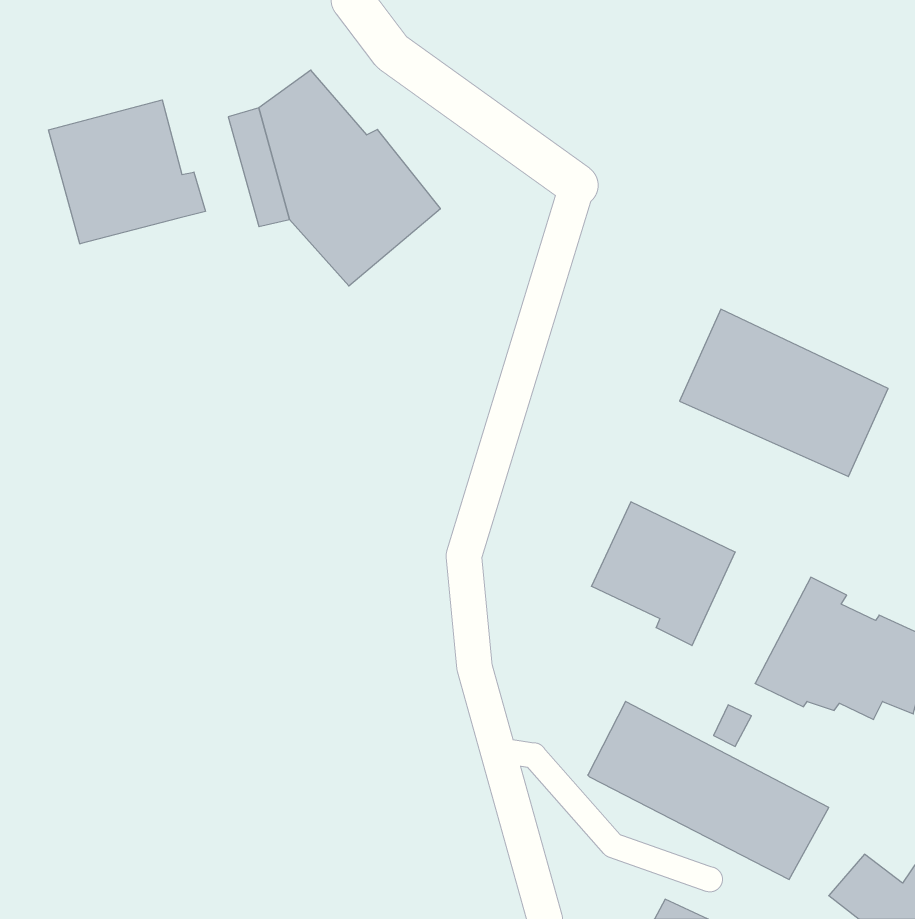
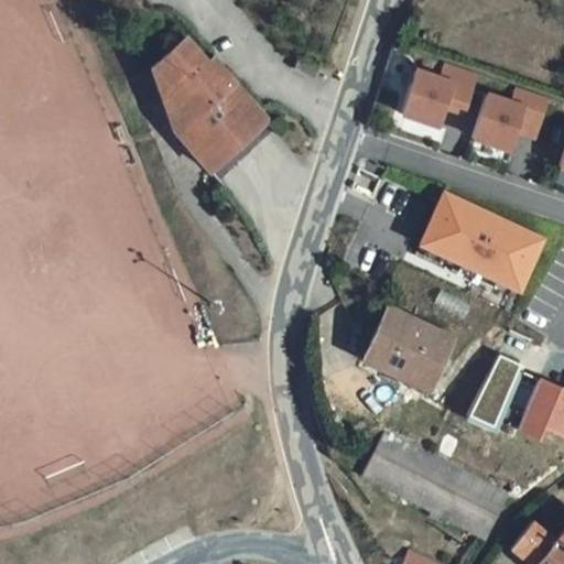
building: [49,100,205,244] -> none
building: none -> [401,62,479,128]
building: none -> [471,86,552,153]

